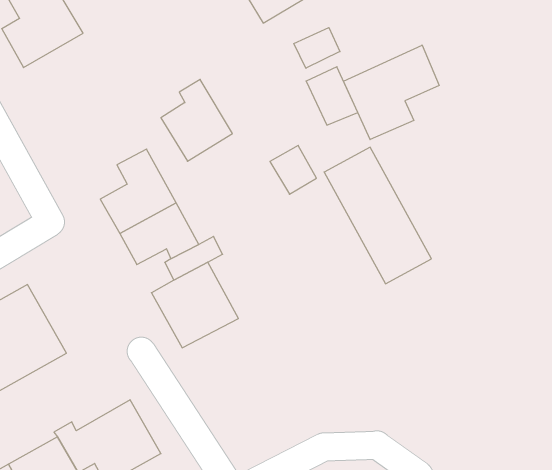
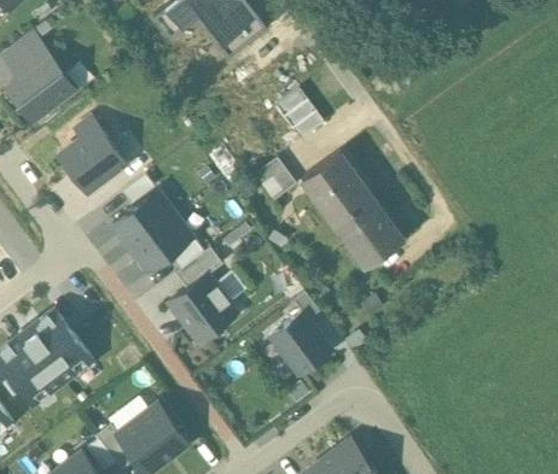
building: [294,28,340,68] -> none
building: [343,45,439,140] -> none
building: [161,79,232,161] -> [64,115,128,187]
building: none -> [263,309,330,378]

